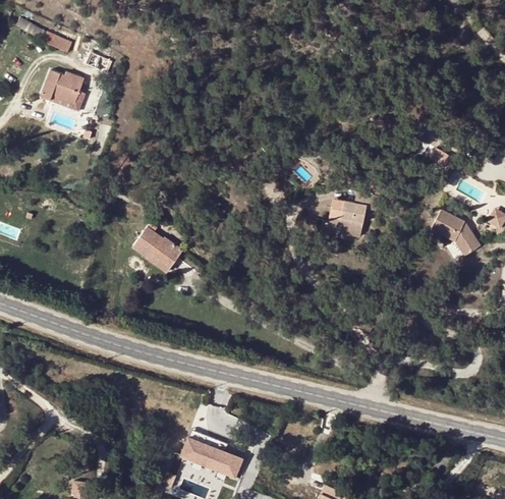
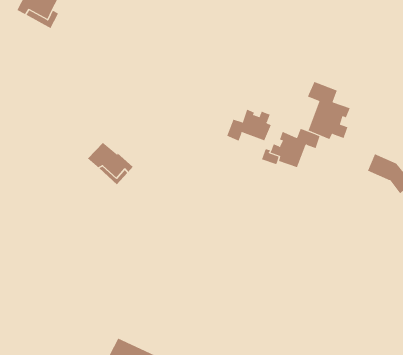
building: none -> [307,81,351,140]
building: none -> [227,109,271,142]

